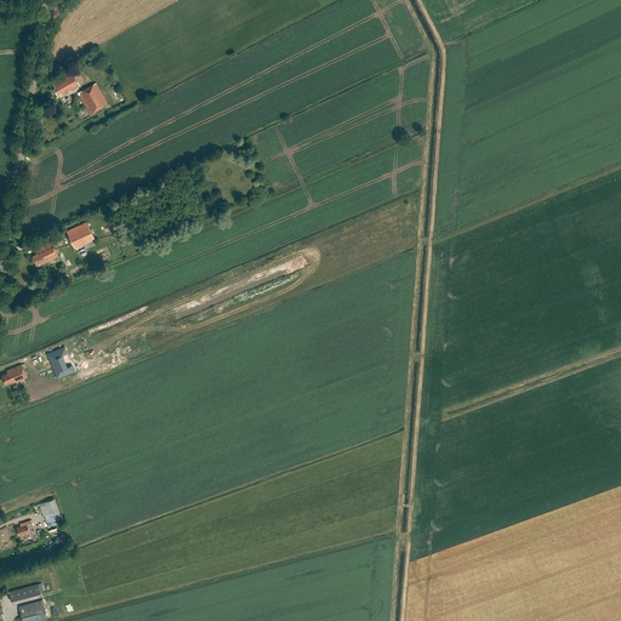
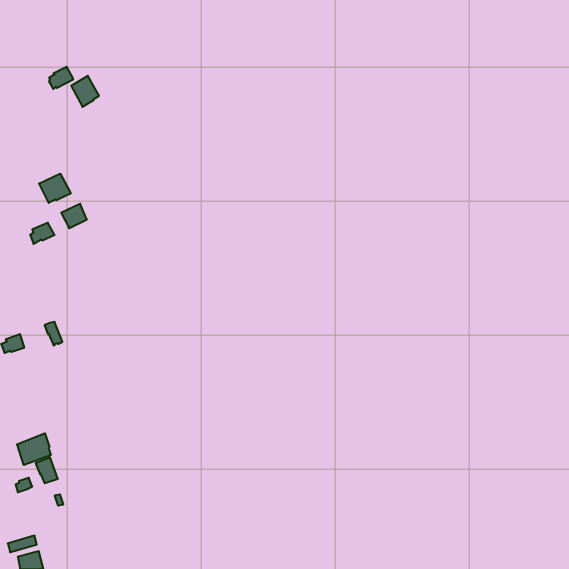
building: none -> [39,174,71,203]
building: none -> [17,433,51,465]

